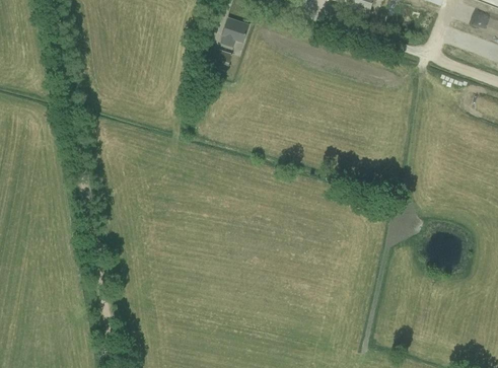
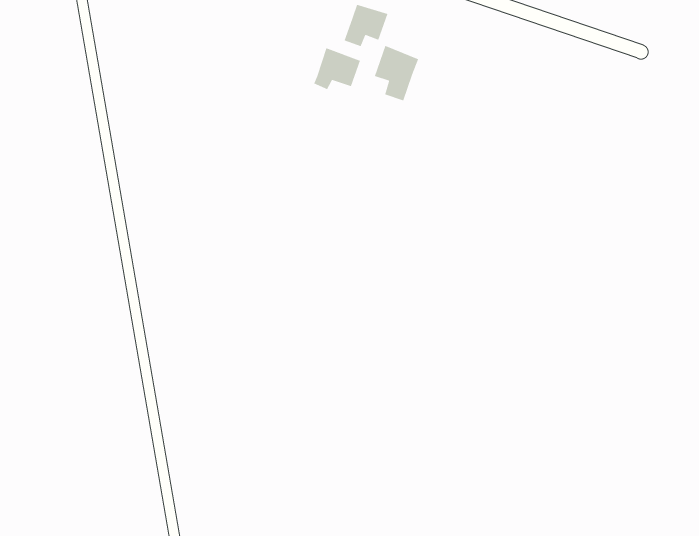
building: none -> [374,45,419,102]

